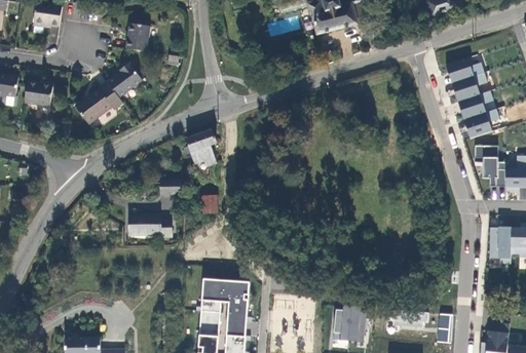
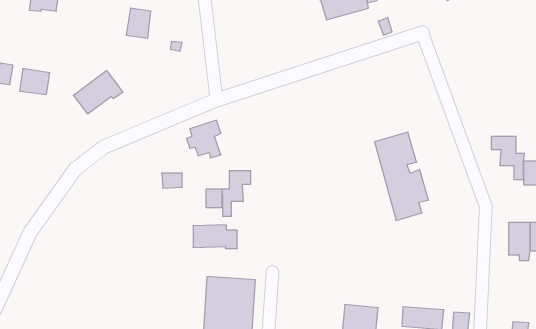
building: [446,53,497,138] -> [375,132,428,221]
building: [107,63,142,96] -> none
building: none -> [222,171,251,217]
building: [128,213,171,236] -> [193,225,237,249]

